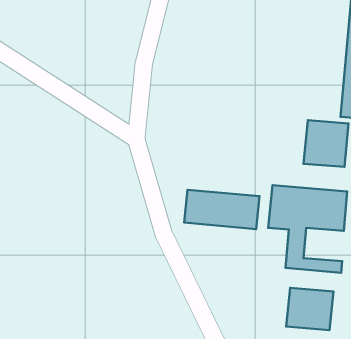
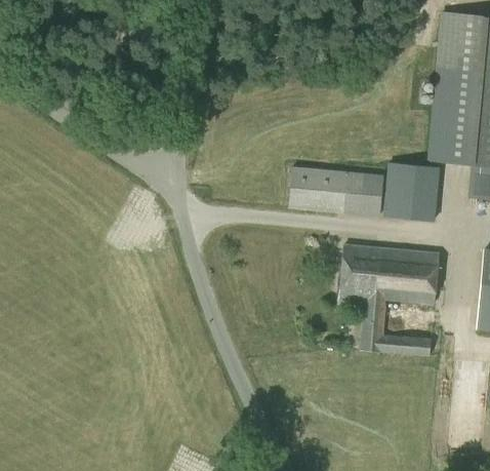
building: [184,190,260,229] -> [289,166,383,215]
building: [286,288,333,330] -> none

